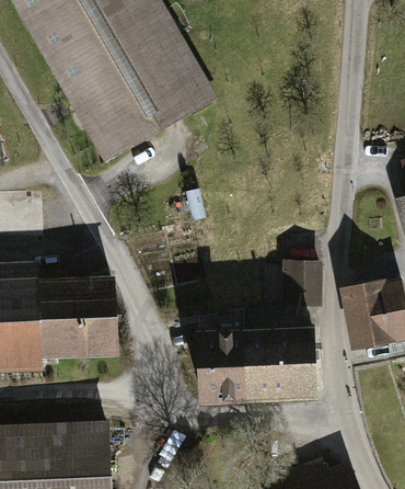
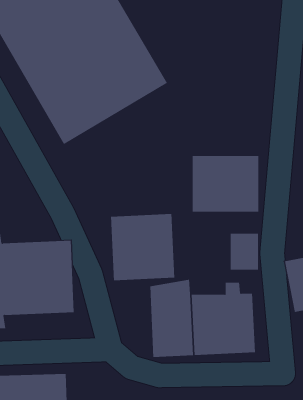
building: none -> [192,155,259,212]
building: none -> [110,213,175,281]

